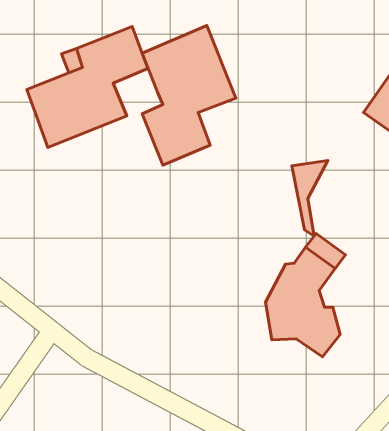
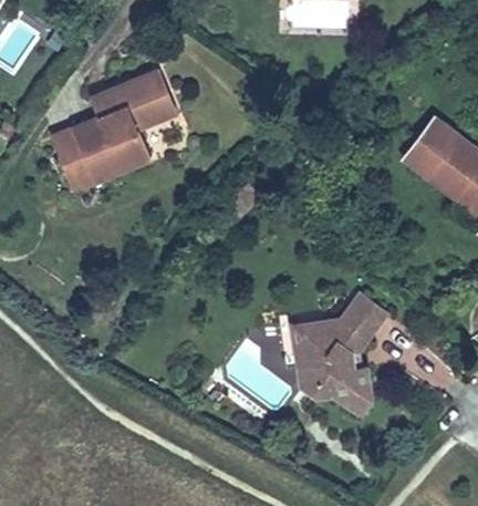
building: [142,25,236,165] -> none
building: [292,161,328,236] -> [284,318,322,397]

